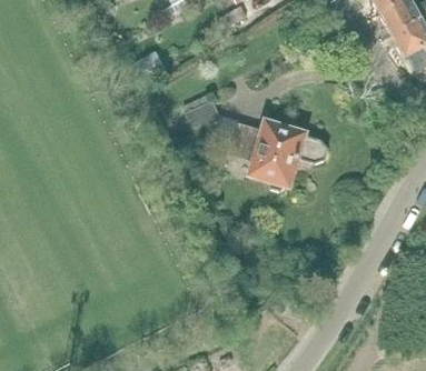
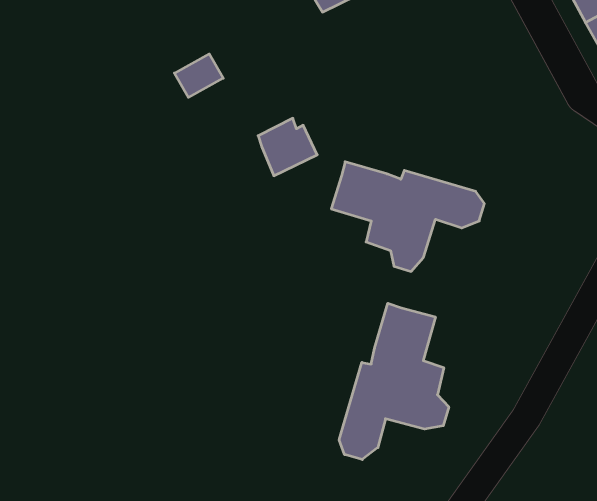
building: none -> [339,303,449,460]

